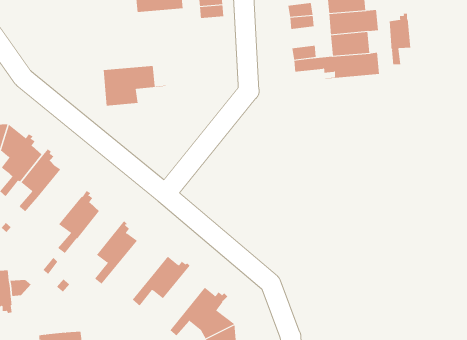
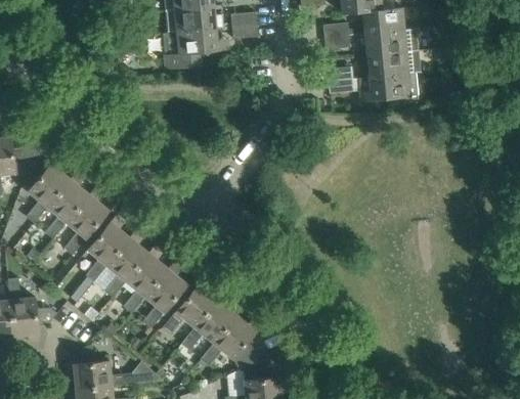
building: [389,13,411,65] -> none
building: [103,65,166,106] -> [163,28,228,70]
building: none -> [63,187,109,254]
building: none -> [103,230,154,298]
building: none -> [131,262,187,328]
building: none -> [181,293,242,359]

